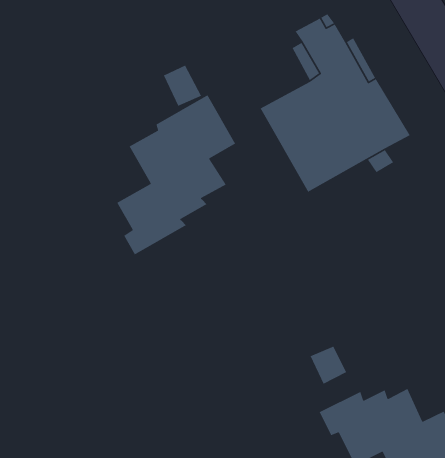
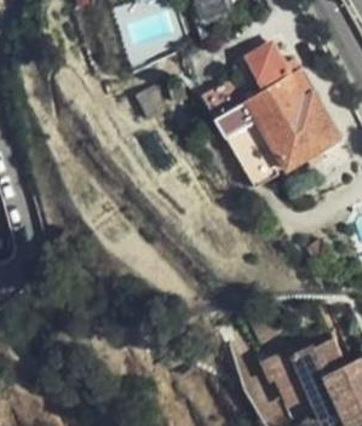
building: [116,94,236,255] -> none

